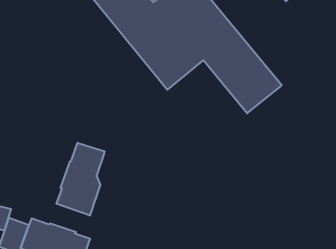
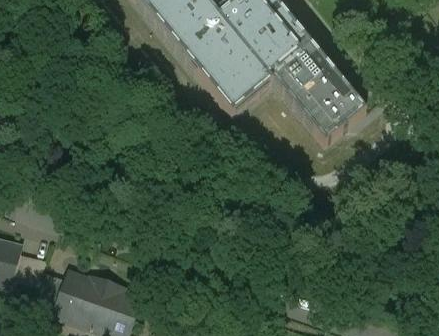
building: [57,143,105,216] -> none

